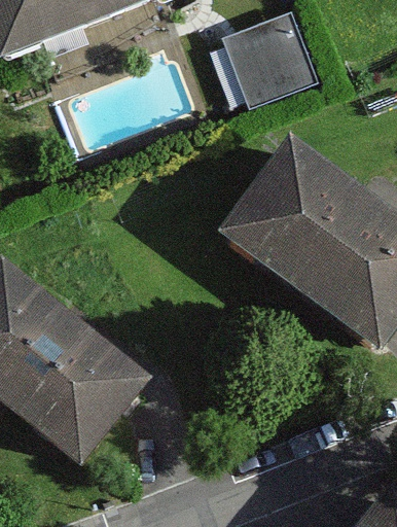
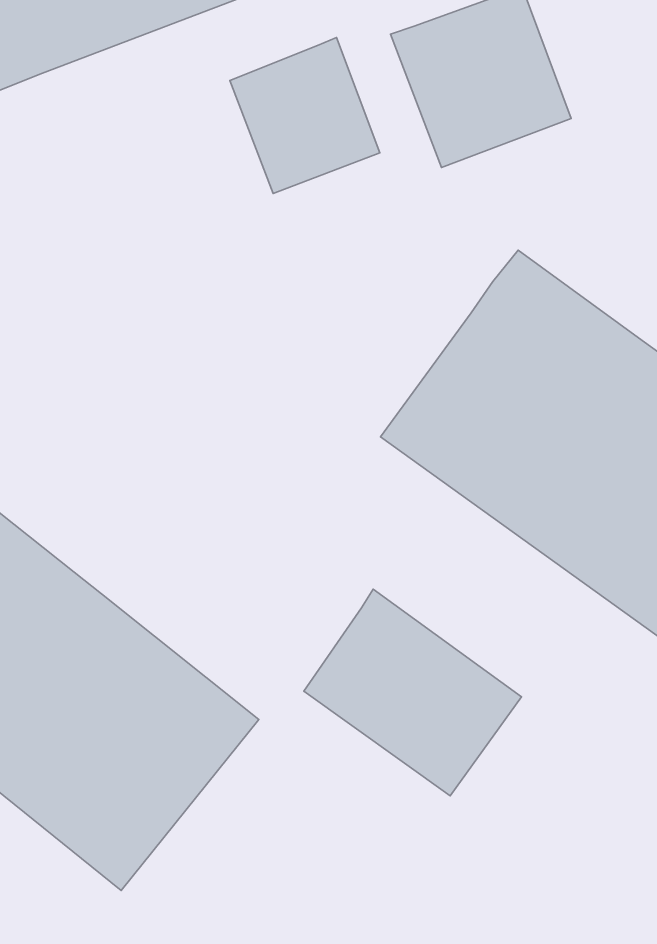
building: none -> [230,38,380,193]
building: none -> [304,589,522,796]

